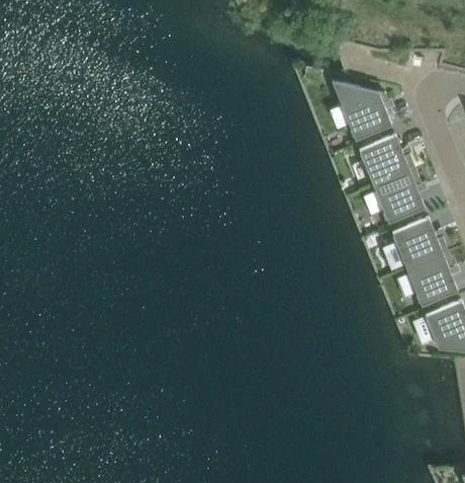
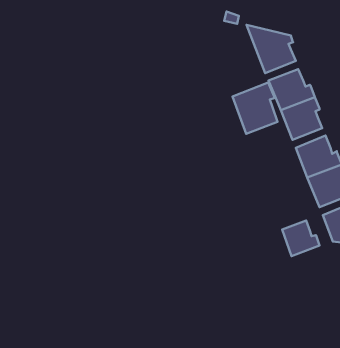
building: none -> [232,83,278,134]
building: none -> [282,220,319,256]

